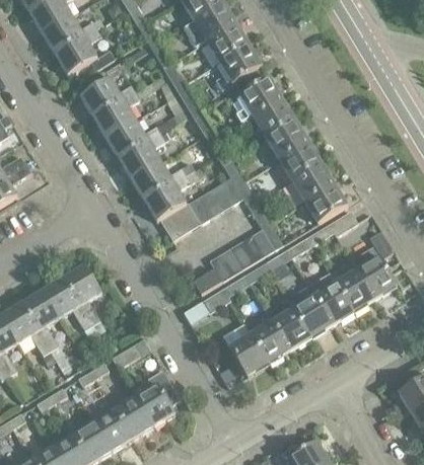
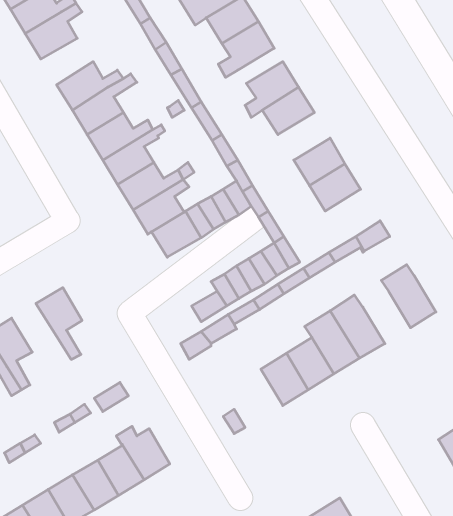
building: [265,120,308,159] -> none
building: [304,183,347,224] -> none
building: [336,268,375,312] -> none
building: [43,279,92,330] -> none
building: [228,322,269,377] -> none

